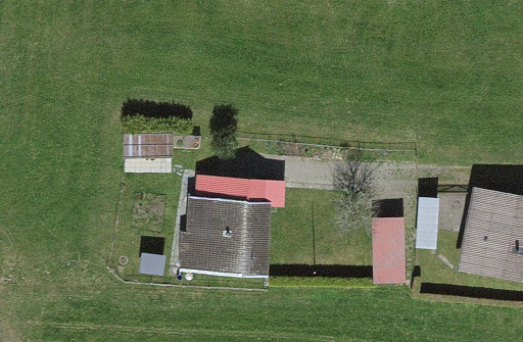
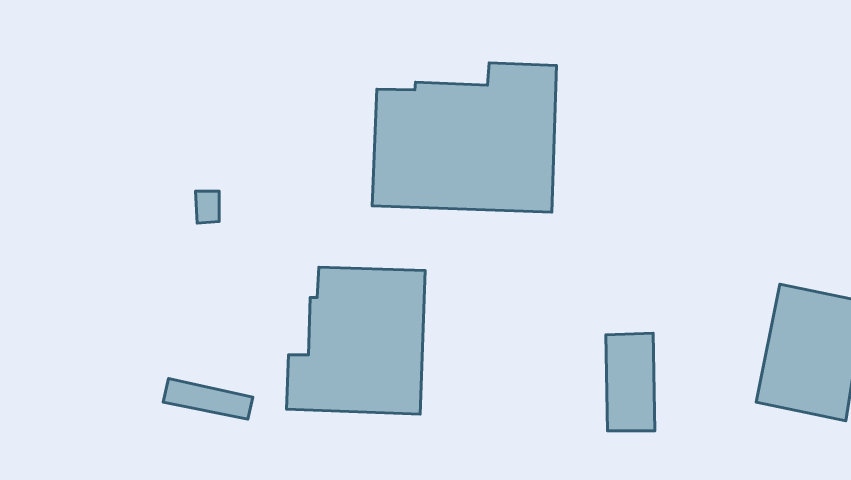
building: none -> [372,63,557,212]

